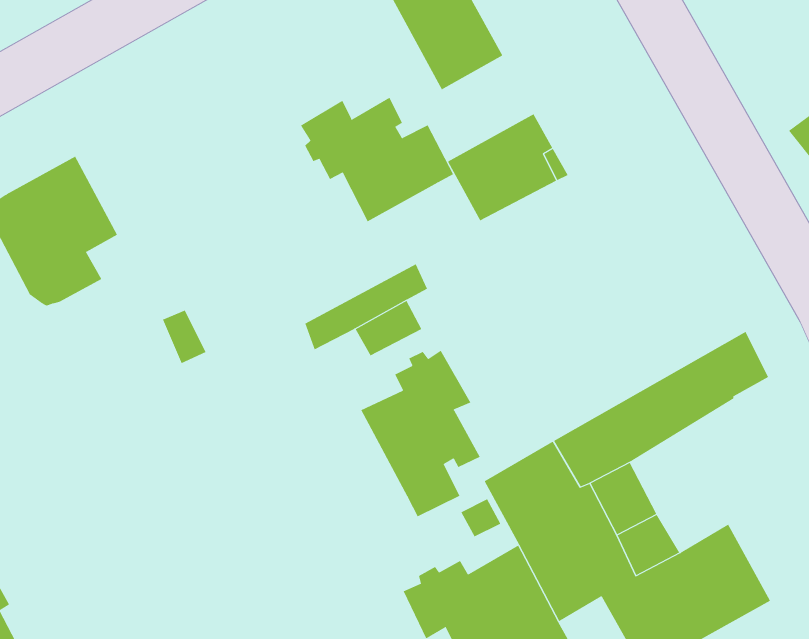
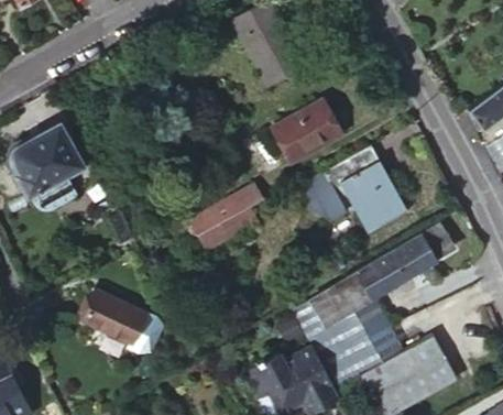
building: [300,97,454,222] -> none
building: none -> [304,148,406,232]
building: [360,350,481,517] -> none
building: none -> [81,288,160,349]

